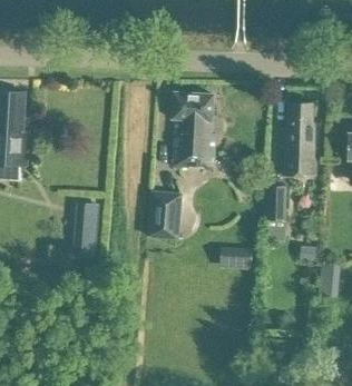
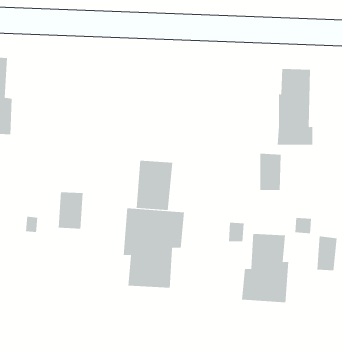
building: [173,91,216,167] -> none
building: none -> [123,208,185,289]
building: none -> [242,233,289,303]

